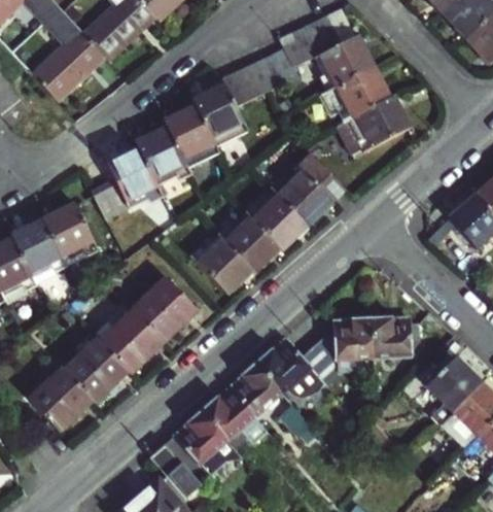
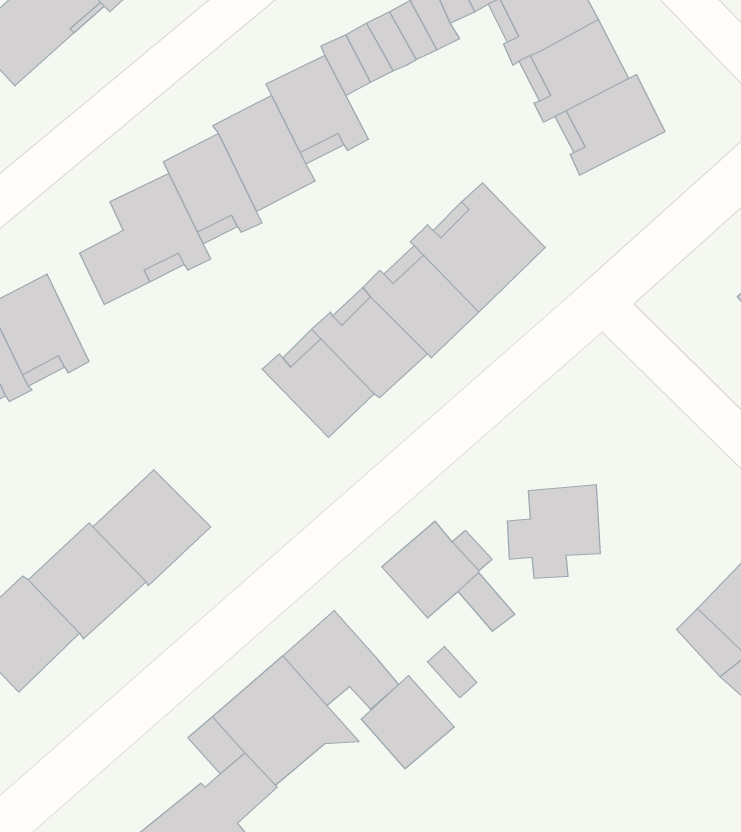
building: [132,277,196,340] -> none
building: [372,315,420,354] -> none
building: [230,362,280,412] -> [361,676,454,769]

